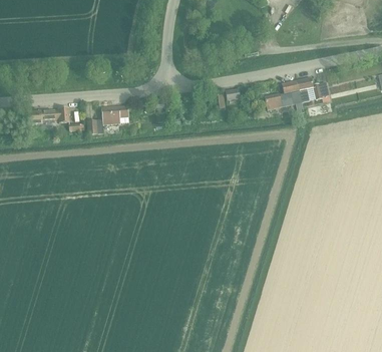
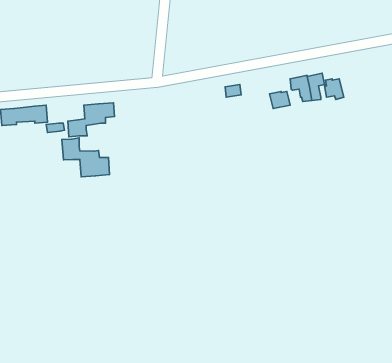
building: none -> [62,138,110,177]

